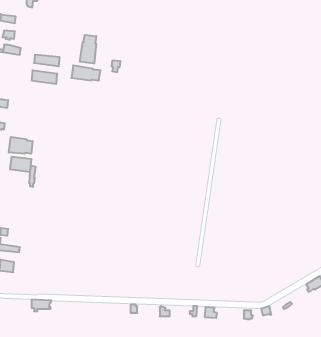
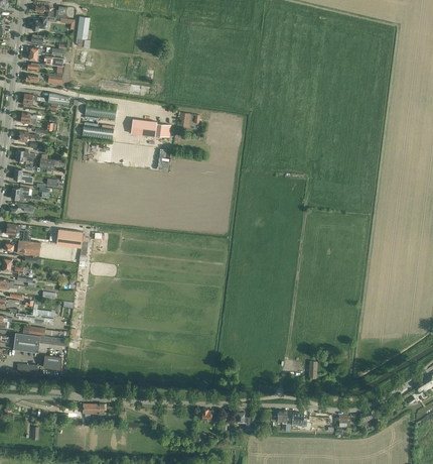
building: [80,35,96,64] -> none
building: [9,137,33,154] -> none

